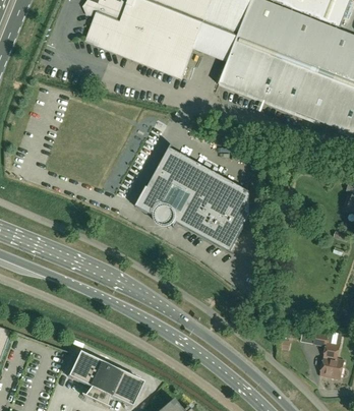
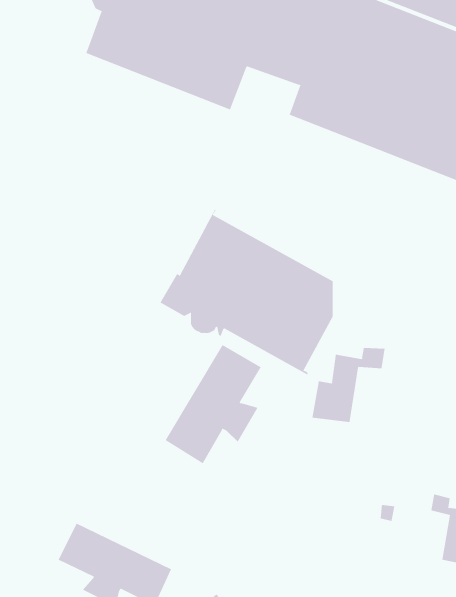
building: none -> [165,344,262,464]
building: none -> [312,347,385,423]

